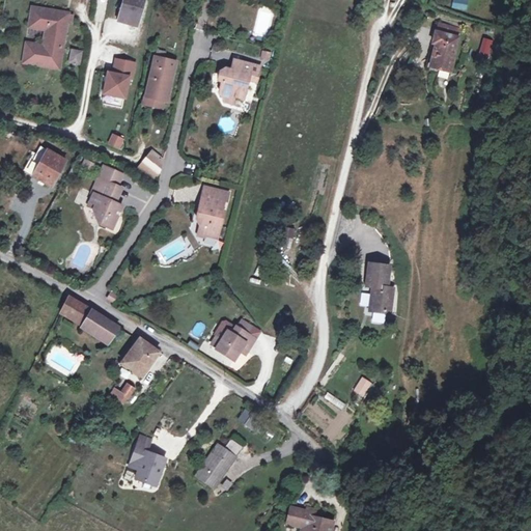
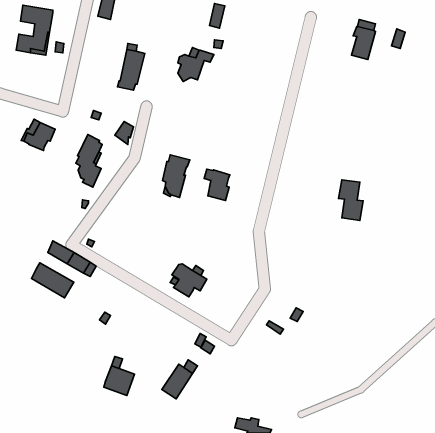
building: [104,59,135,97] -> none
building: none -> [204,169,230,200]
building: [364,258,394,308] -> [339,180,363,221]
building: none -> [31,263,74,298]
building: [122,337,159,375] -> none

